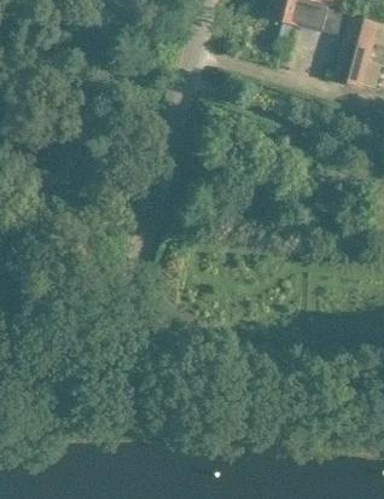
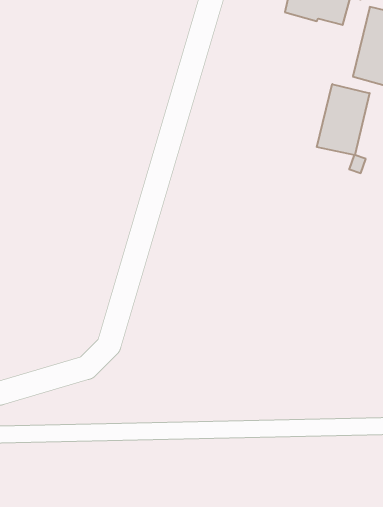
building: none -> [317,84,370,155]

